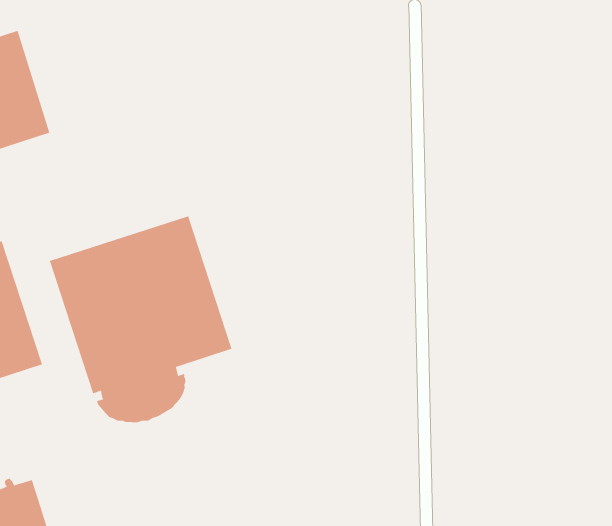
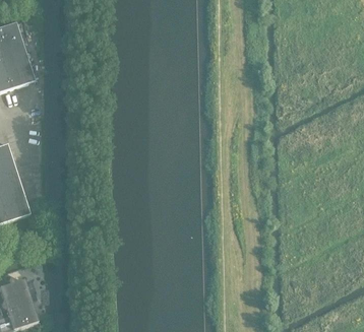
building: [49,215,232,423] -> none

